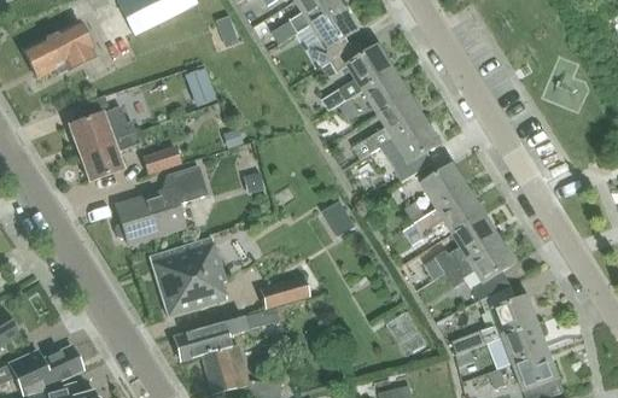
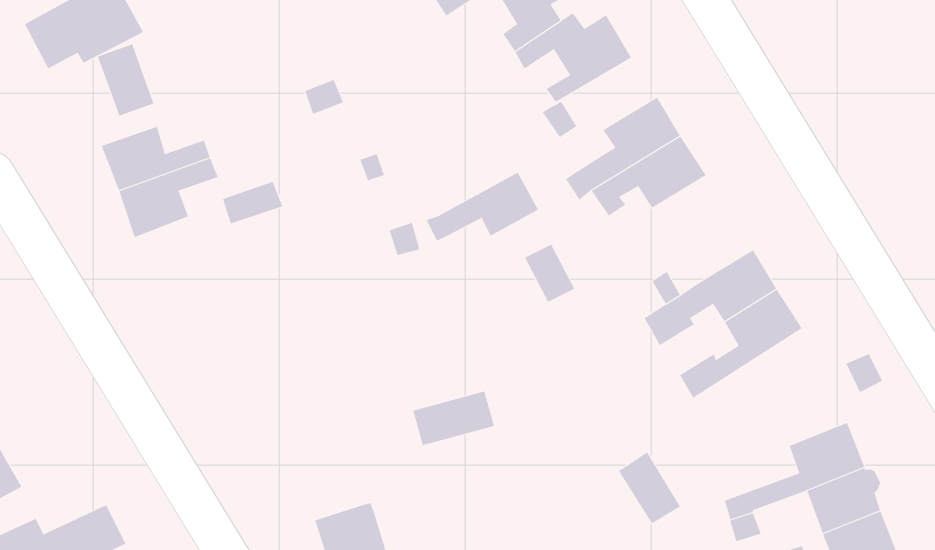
building: none -> [97,44,154,116]
building: [362,70,410,115] -> none
building: none -> [426,172,539,241]
building: [420,163,470,209] -> none
building: [115,164,206,242] -> none
building: [432,236,515,299] -> none
building: [150,238,226,316] -> none
building: [175,306,279,359] -> none

